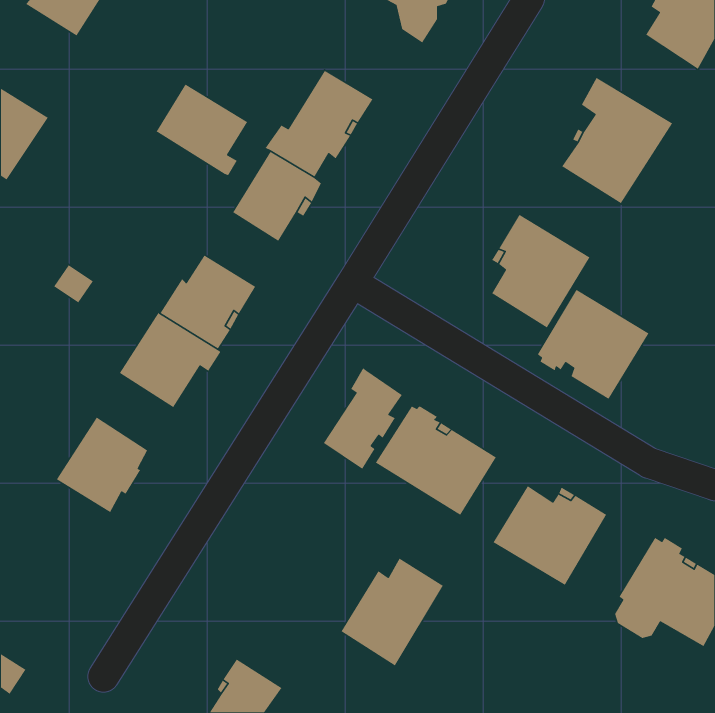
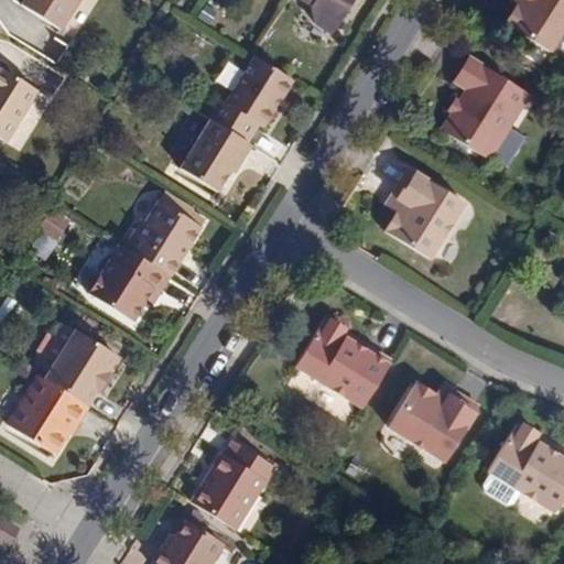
building: [156,83,248,176] -> none
building: [537,289,650,400] -> none
building: [323,367,403,470] -> none
building: none -> [9,375,89,454]
building: [340,557,444,667] -> [191,442,272,528]

